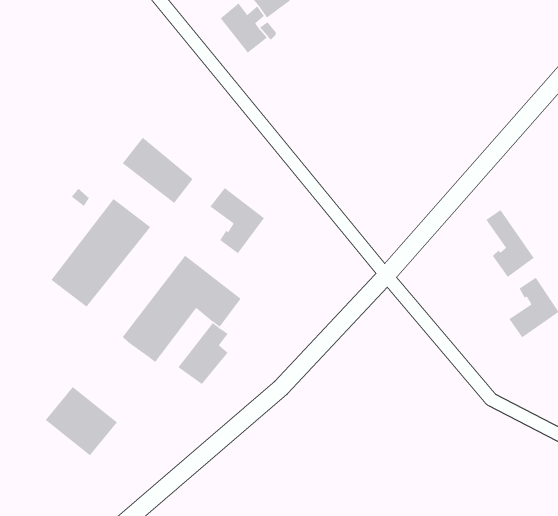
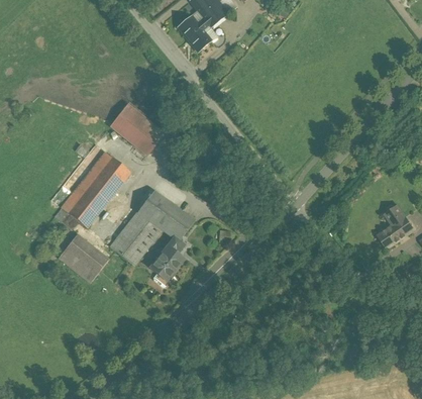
building: [210,187,265,254] -> none
building: [486,209,535,278] -> none
building: [45,386,118,456] -> [58,234,108,283]

